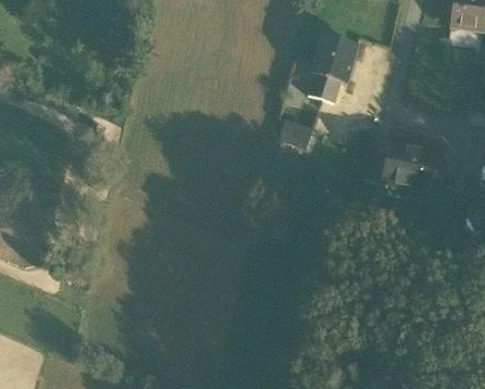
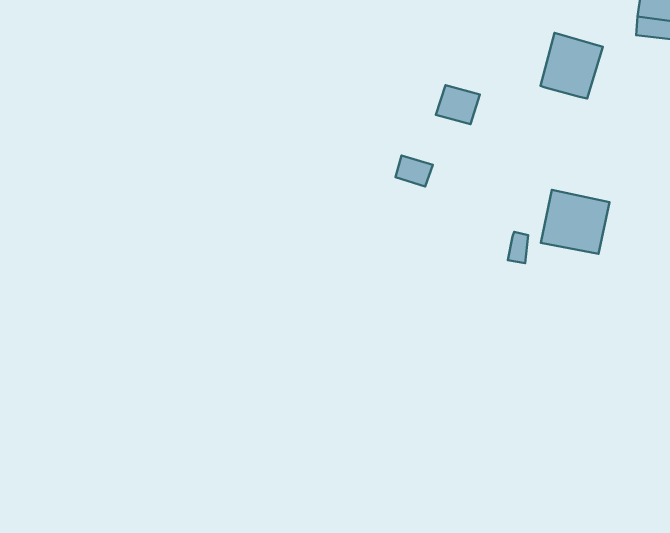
building: [314,35,358,80] -> [540,33,603,98]

